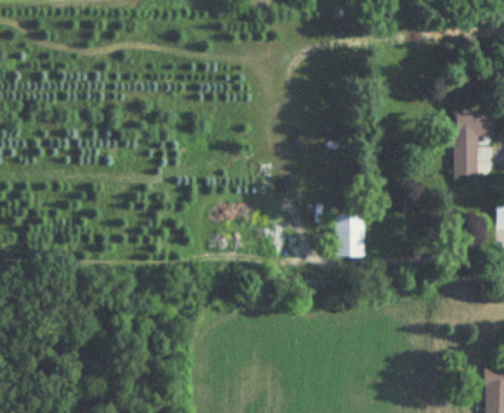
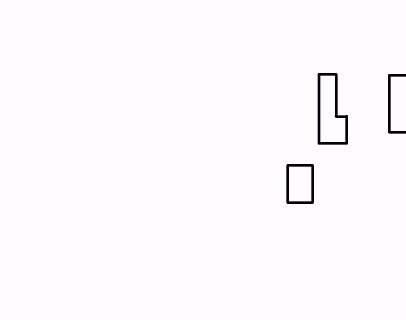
building: none -> [319,74,347,143]

